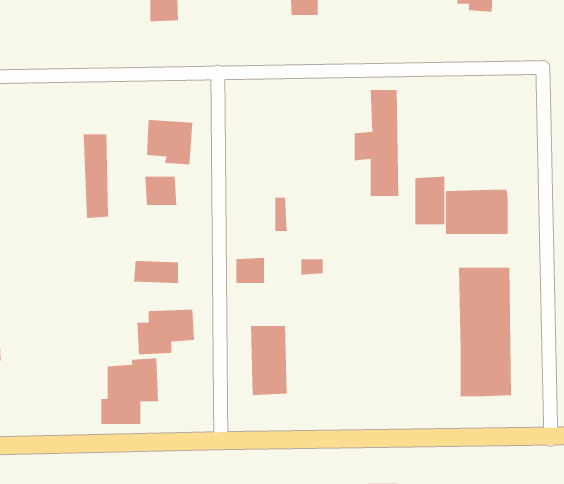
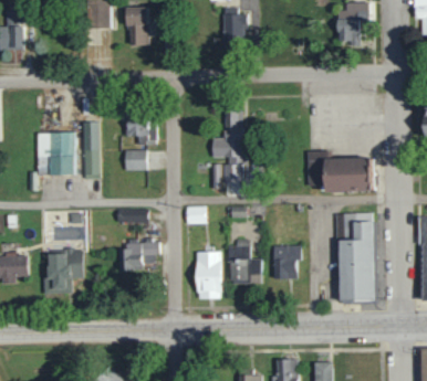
building: [354,89,399,197] -> [212,109,243,182]
building: none -> [35,133,74,174]
building: none -> [229,240,261,284]
building: none -> [272,245,301,279]
building: [100,358,159,424] -> [43,248,83,294]

